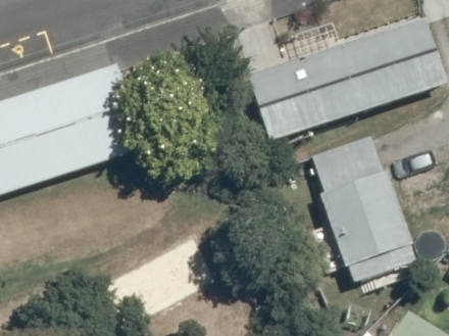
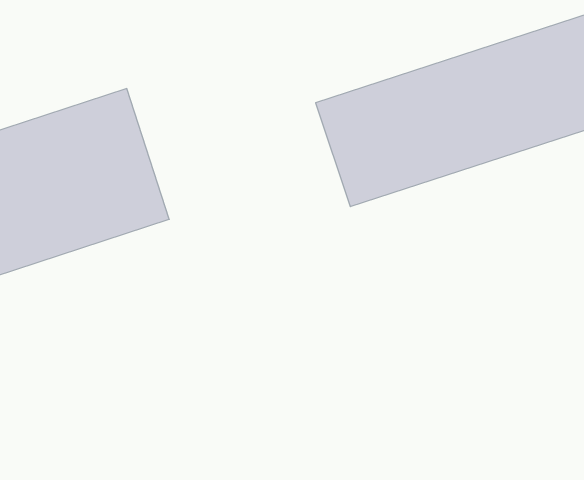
building: [309,133,414,280] -> none

